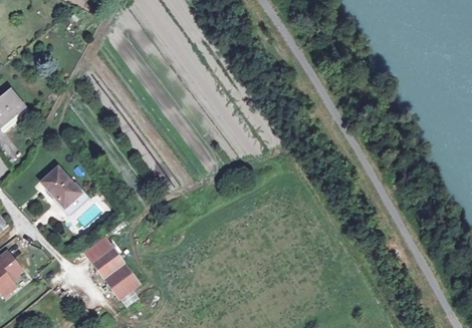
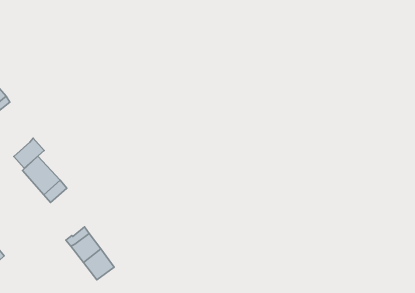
building: none -> [14,138,44,168]

